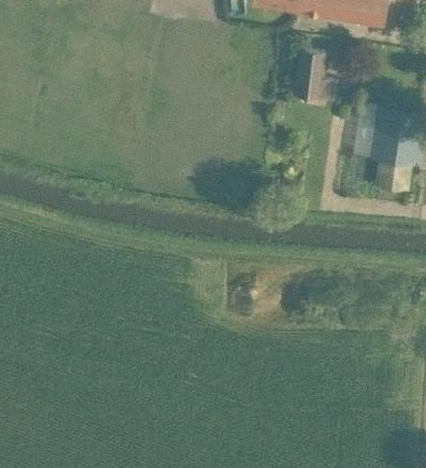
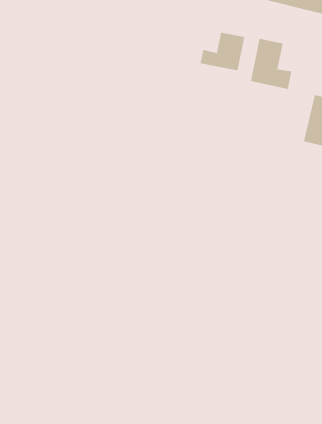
building: none -> [200,32,245,71]

